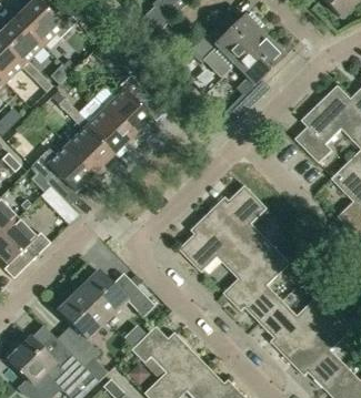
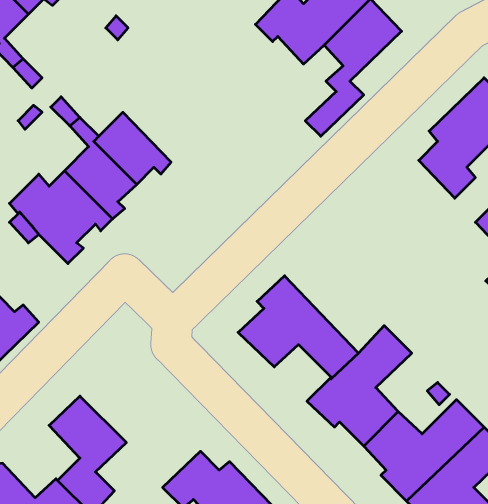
building: [104,75,166,140] -> none
building: [209,185,273,263] -> none
building: [77,271,154,320] -> none

